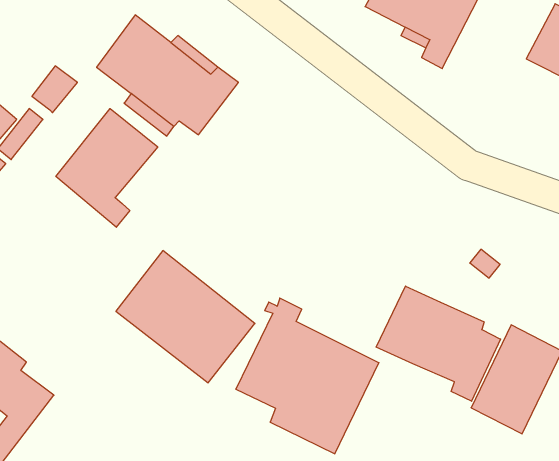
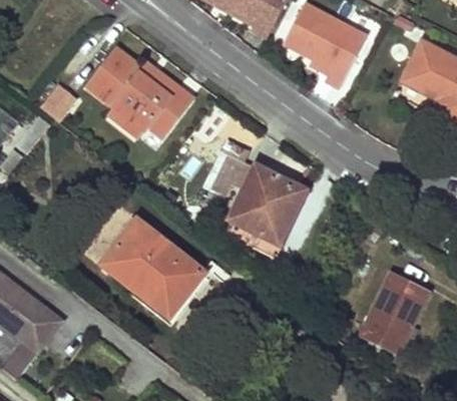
building: [56,109,158,227] -> none
building: [376,286,501,401] -> none
building: [236,298,379,454] -> [200,141,305,255]

